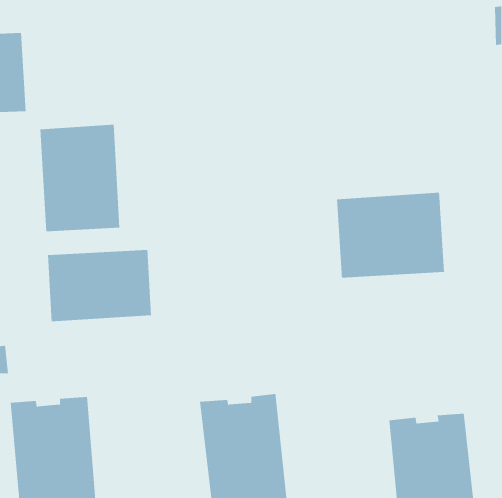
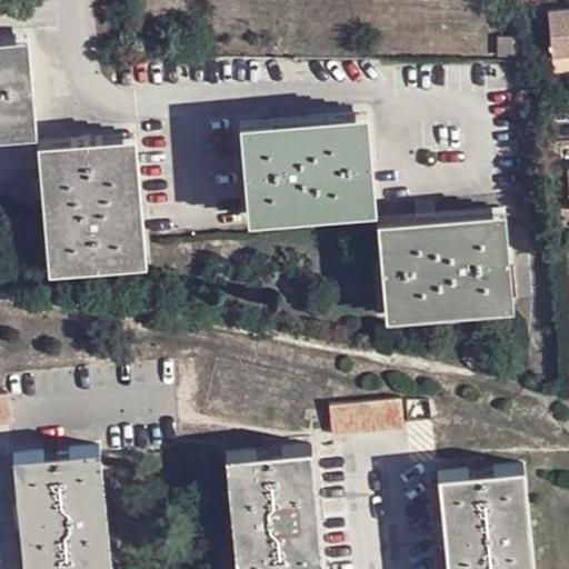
building: none -> [241,121,362,218]
building: [47,249,151,322] -> none
building: none -> [331,400,406,437]

